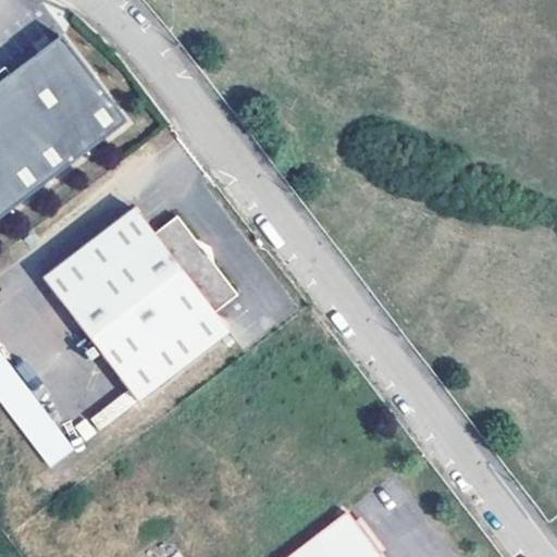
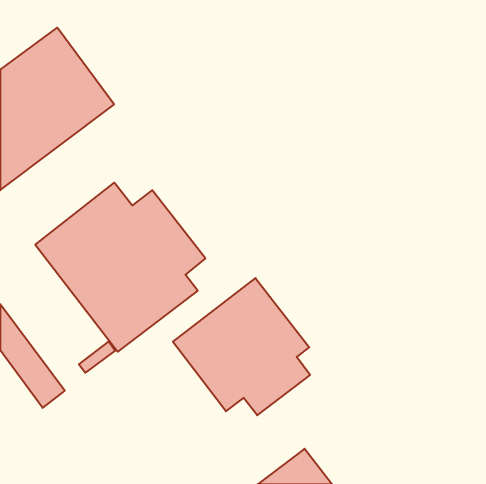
building: none -> [173,278,310,415]

